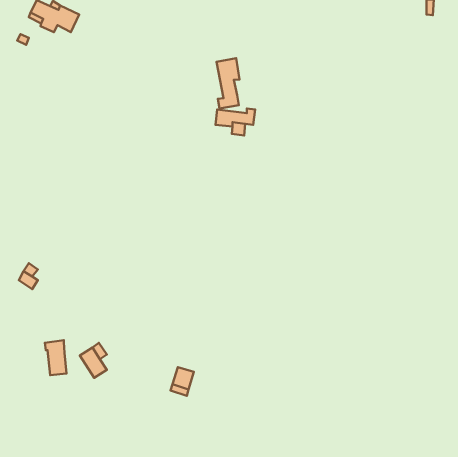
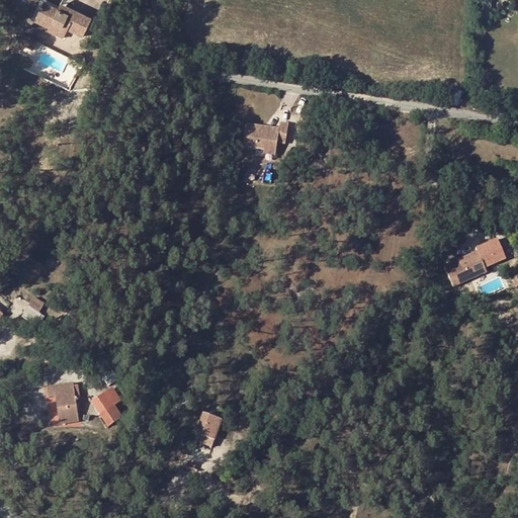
building: [217,58,240,109] -> none
building: none -> [444,238,506,285]

